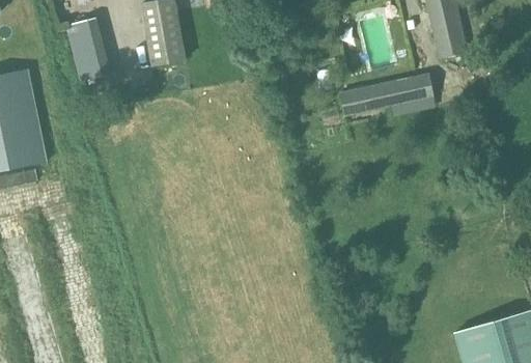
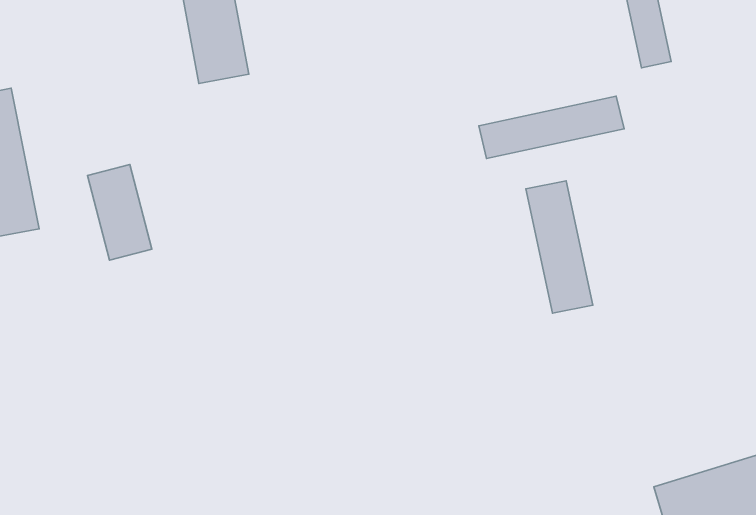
building: [66,18,109,81] -> [88,165,152,260]
building: none -> [526,181,593,313]

